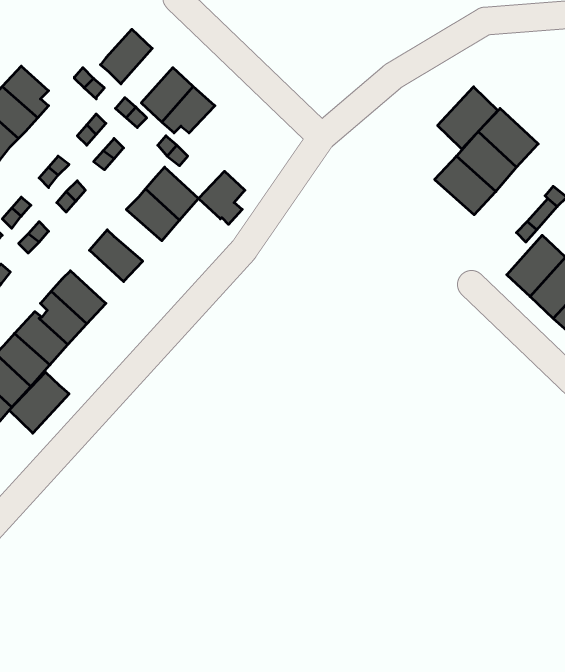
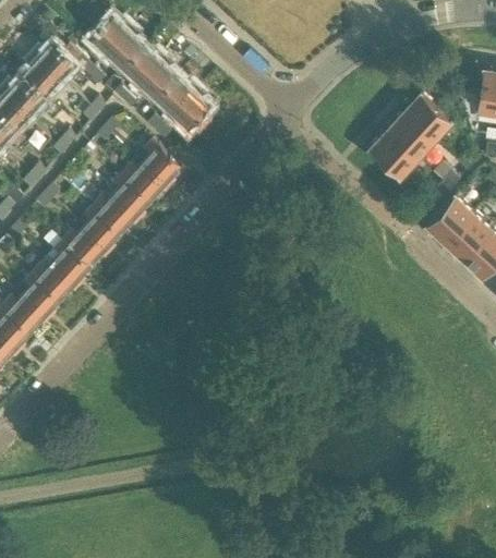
building: none -> [89,14,126,62]
building: none -> [38,41,80,78]
building: none -> [118,45,159,88]
building: [438,87,498,149] -> none
building: [199,171,245,224] -> [172,90,209,133]
building: none -> [107,173,150,215]
building: none -> [77,206,120,248]
building: [9,372,69,433] -> none

